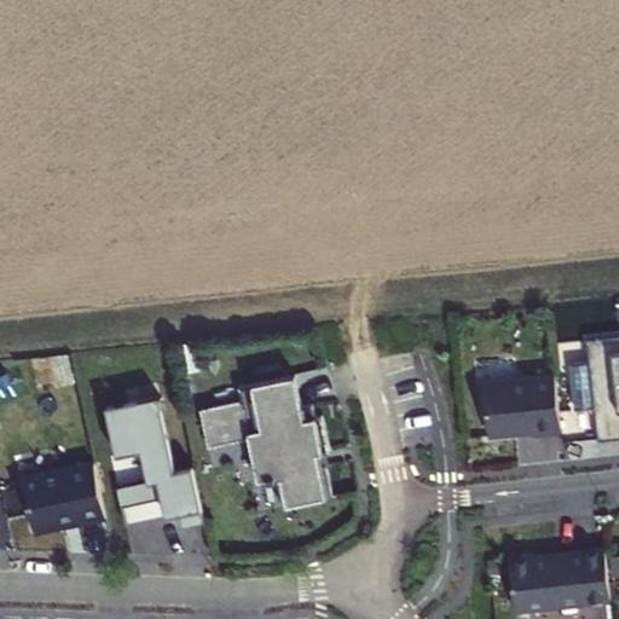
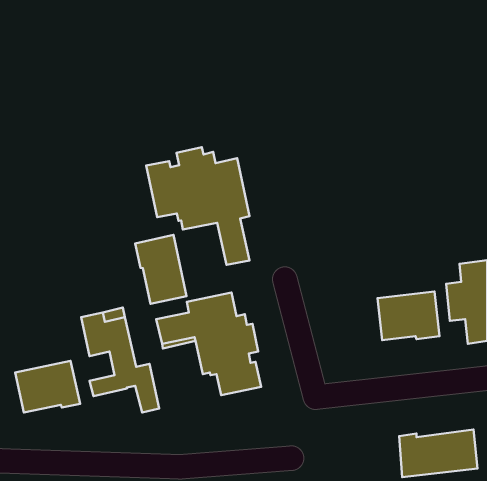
building: none -> [146,147,250,265]
building: none -> [135,235,187,304]

